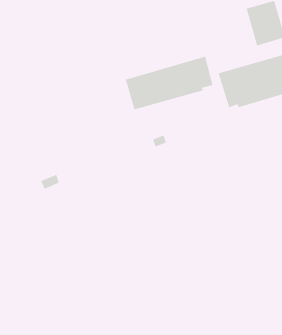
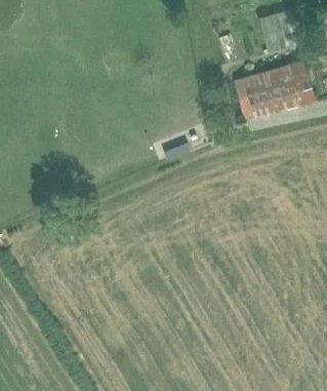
building: [125,56,213,110] -> none

